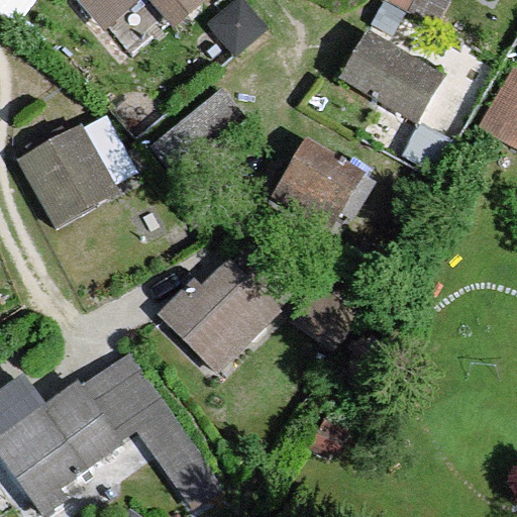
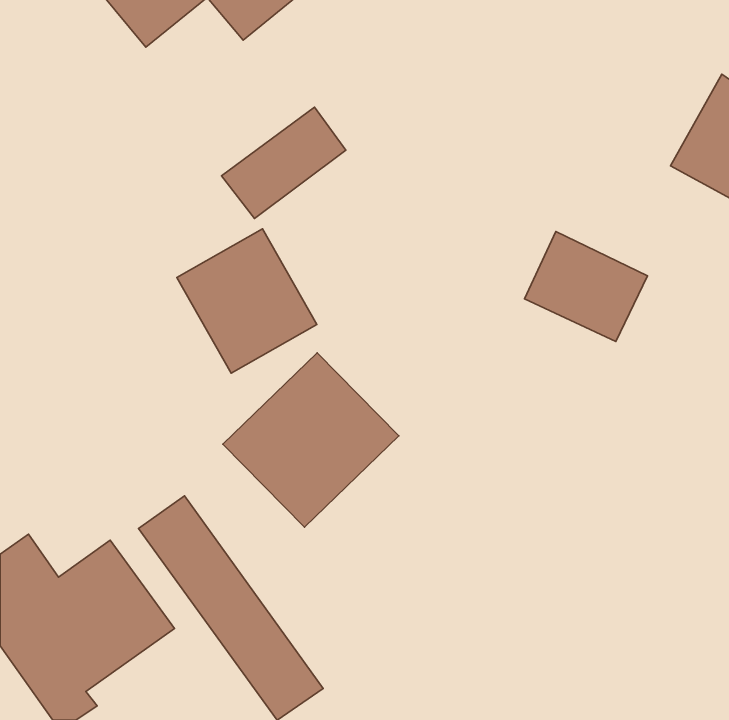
building: [322,28,431,126] -> none
building: [19,126,118,228] -> [177,229,317,373]
building: [280,144,367,222] -> [524,232,647,342]

